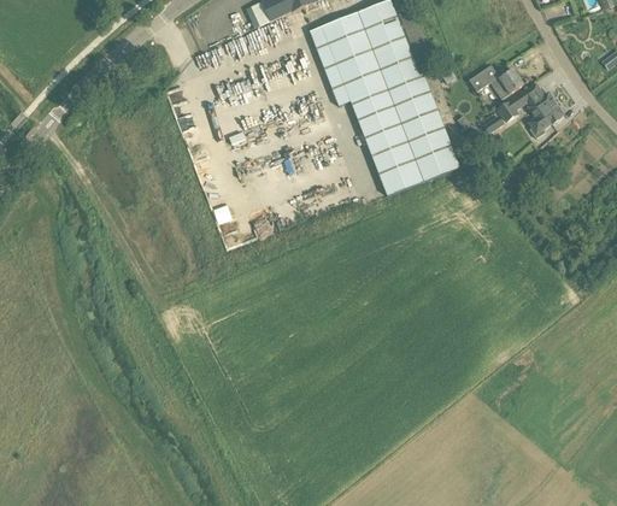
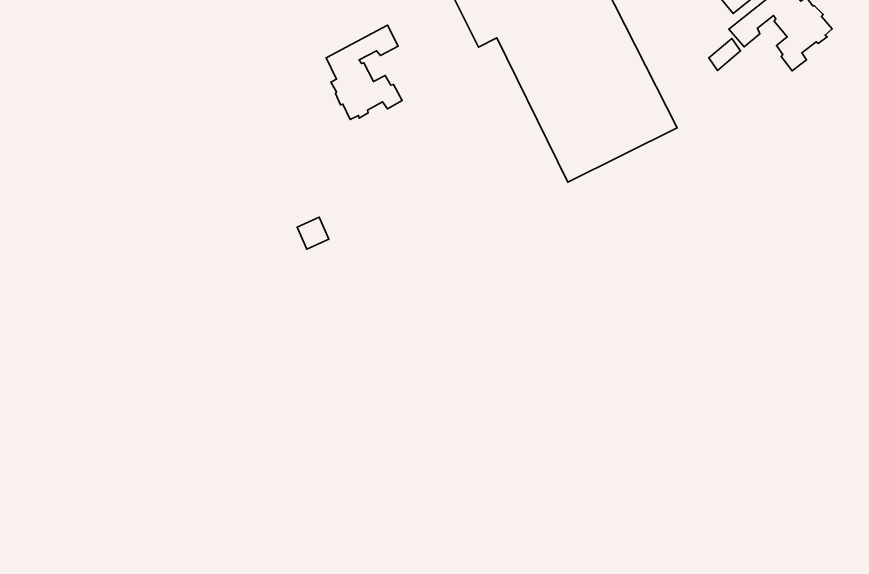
building: none -> [326,25,402,119]

